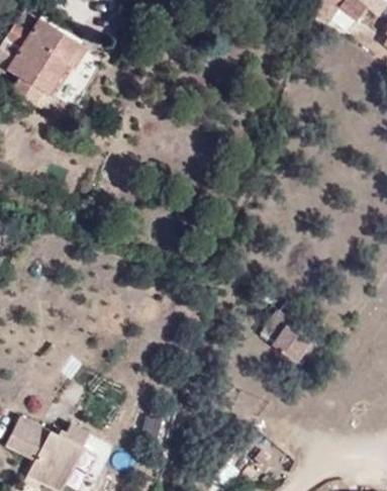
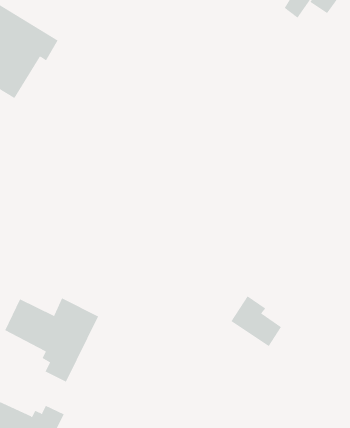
building: none -> [4,298,99,383]

